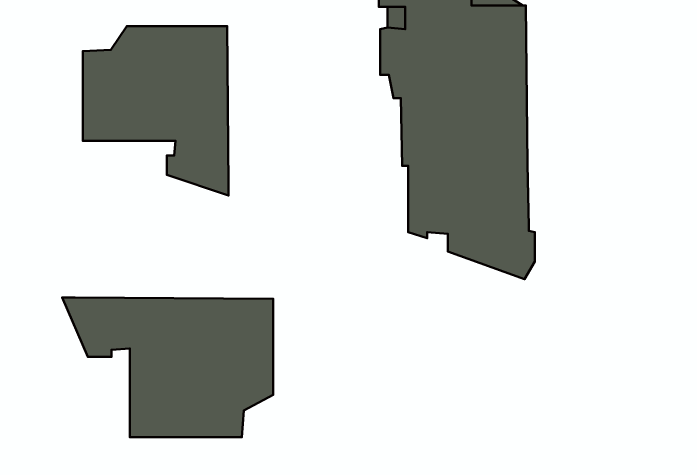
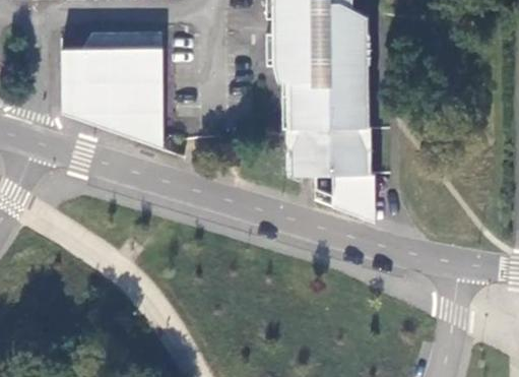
building: [62,298,273,437] -> none

